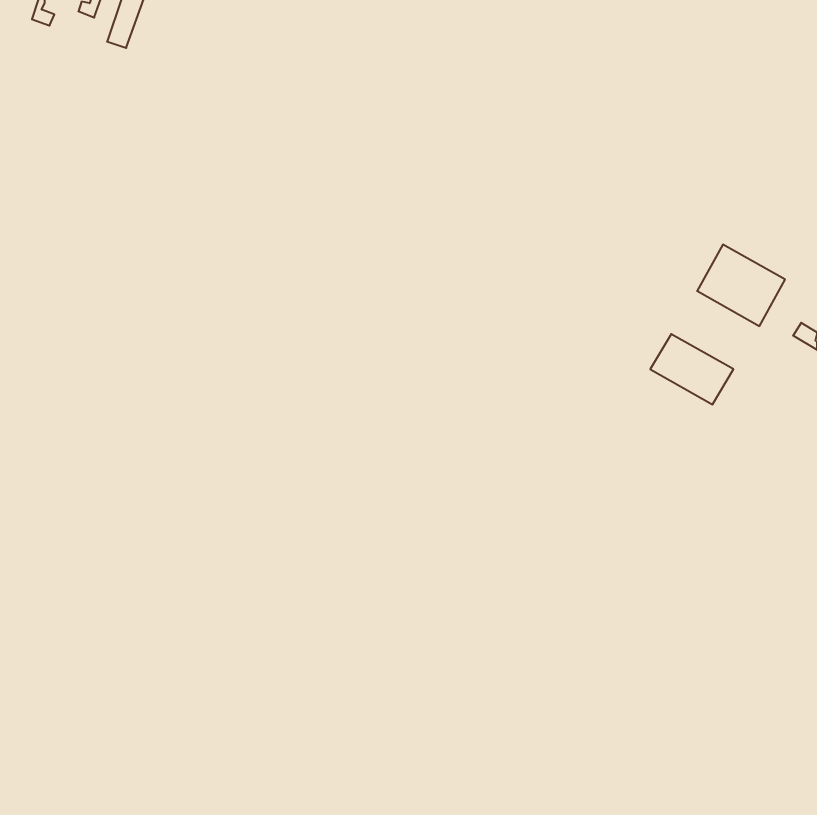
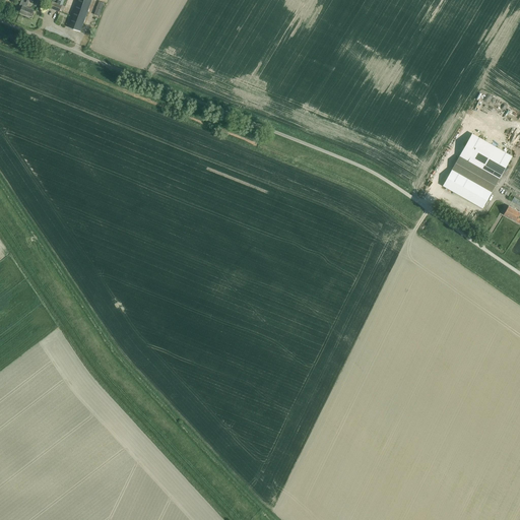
building: [650,334,733,404] -> [459,133,512,178]

